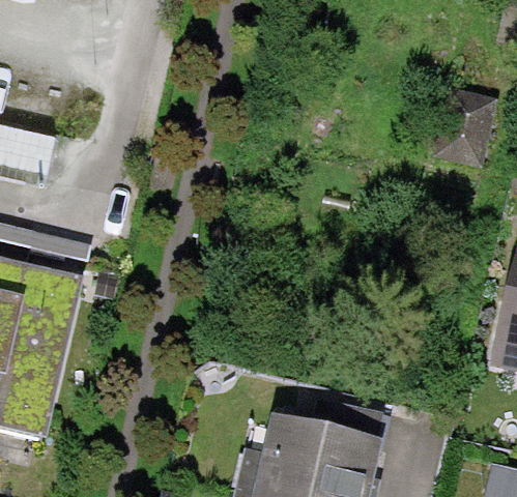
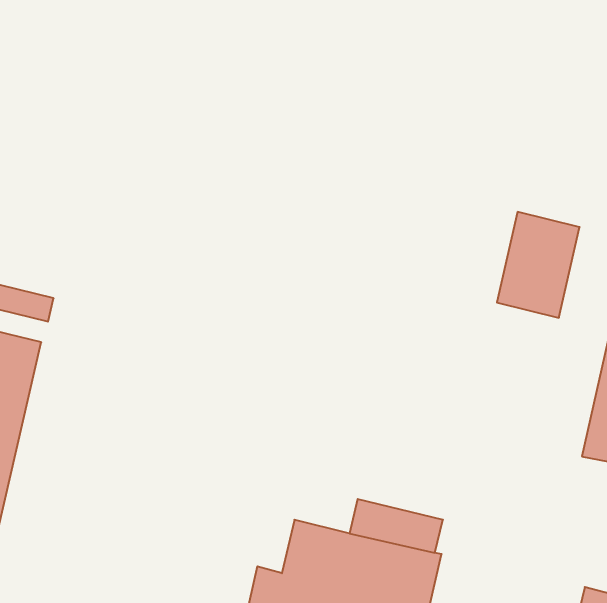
building: [435,88,497,168] -> [497,212,580,318]

